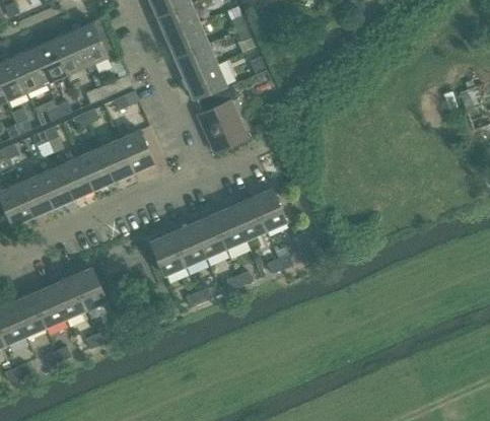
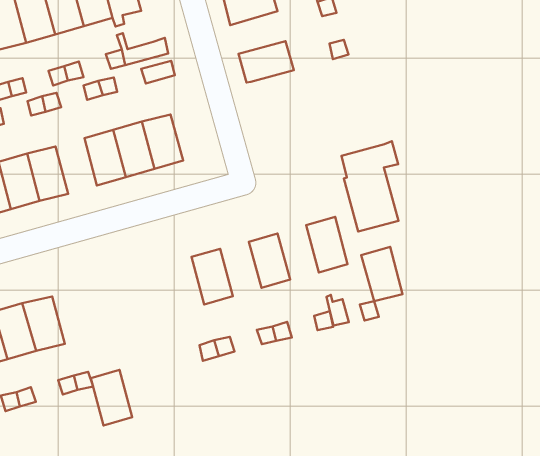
building: [174,44,217,79] -> none
building: [196,82,244,152] -> [341,141,398,232]
building: [59,157,93,200] -> none
building: [231,198,266,239] -> [361,247,403,301]
building: [191,216,225,258] -> none
building: [150,233,185,276] -> none
building: [72,268,107,310] -> [91,370,132,426]

